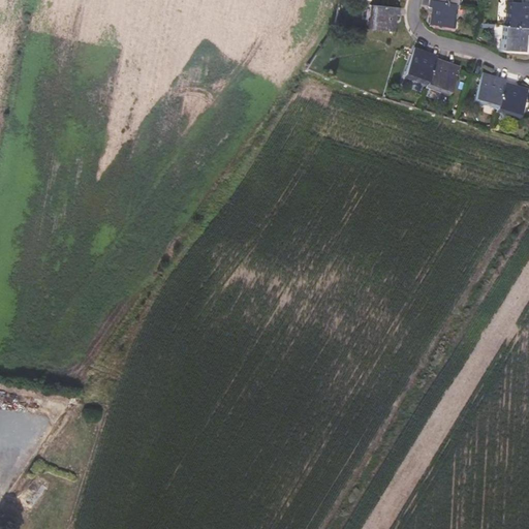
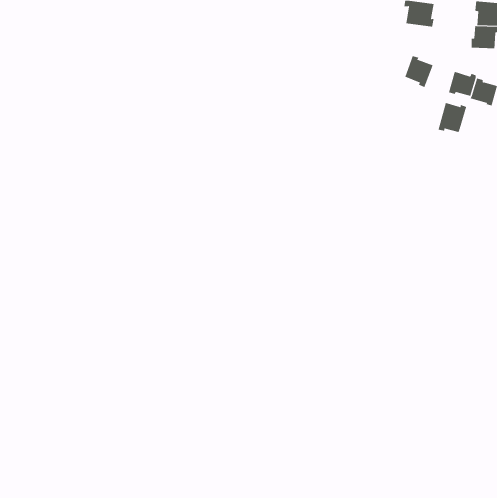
building: [369,5,401,31] -> none
building: [407,50,439,79] -> none
building: none -> [438,102,467,133]

